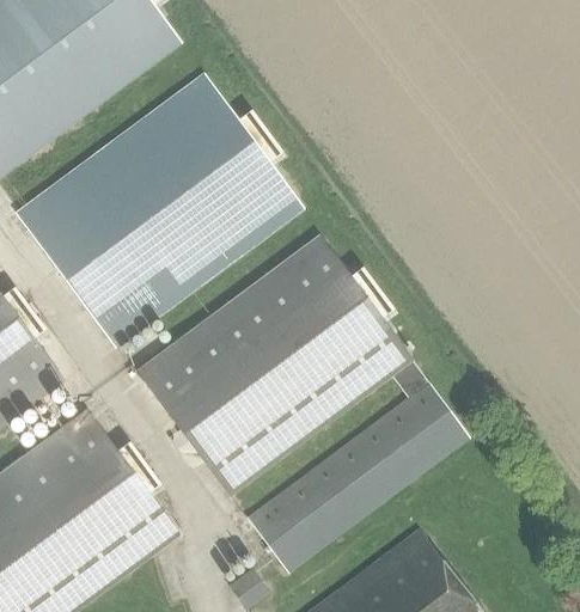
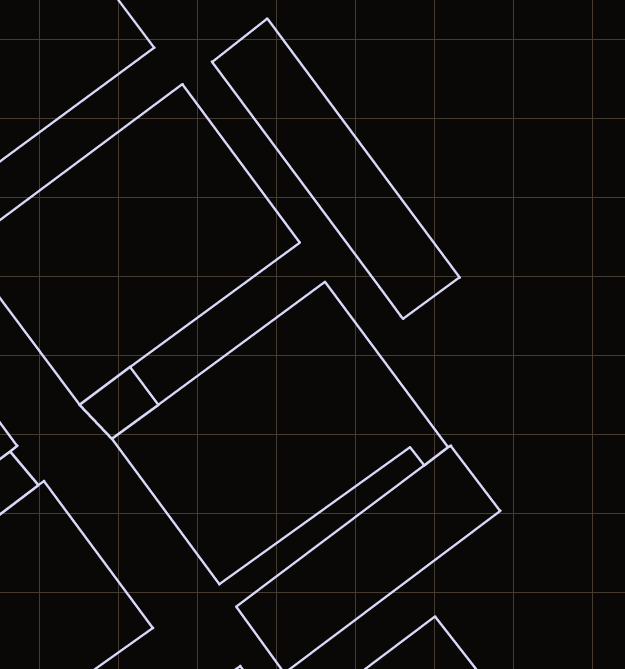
building: none -> [212,19,460,319]

